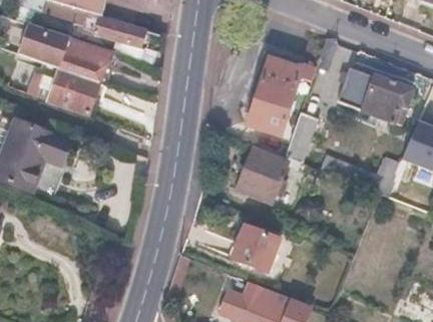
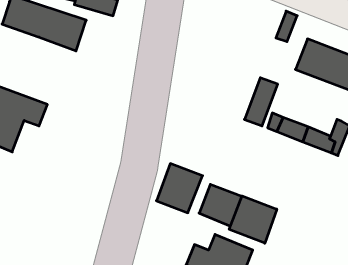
building: [248,59,303,134] -> none
building: [40,67,106,111] -> none
building: [238,149,288,203] -> [156,164,203,213]
building: none -> [229,196,277,243]

